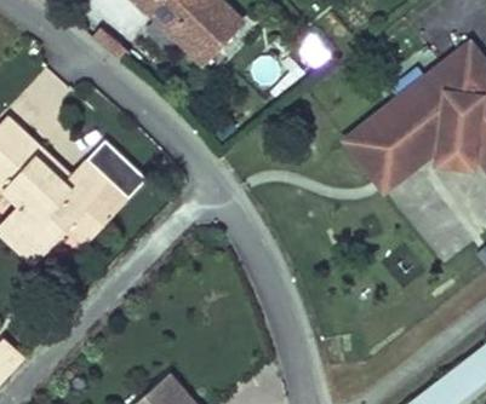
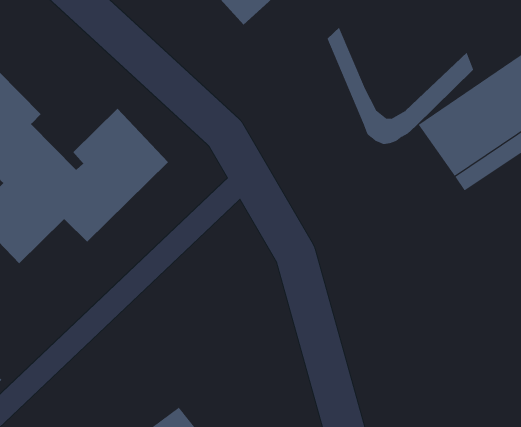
building: none -> [327,27,474,145]

